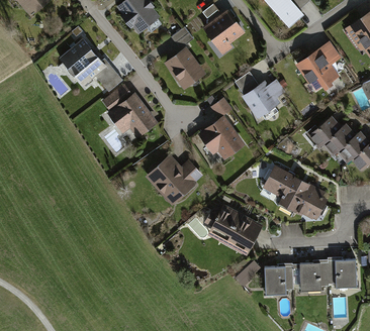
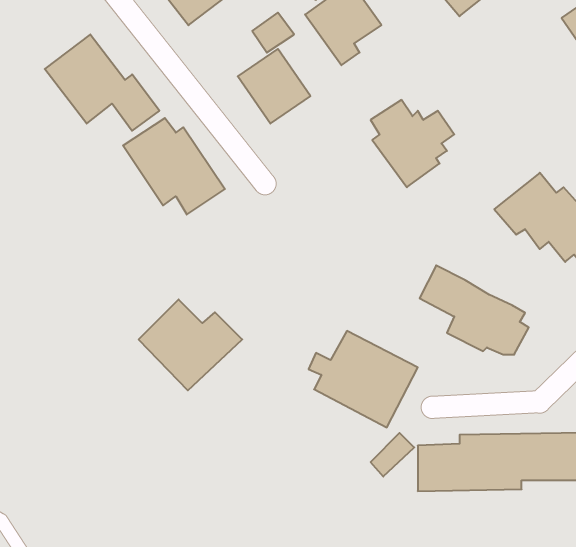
building: [296,40,343,93] -> none
building: [196,98,244,157] -> none
building: [147,152,204,203] -> [139,299,242,390]

